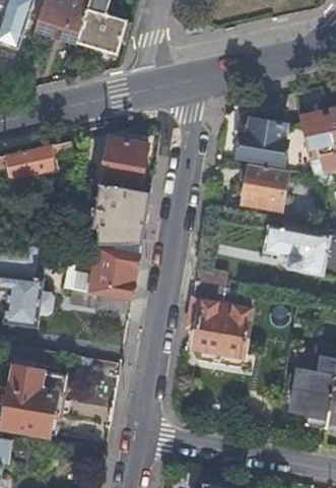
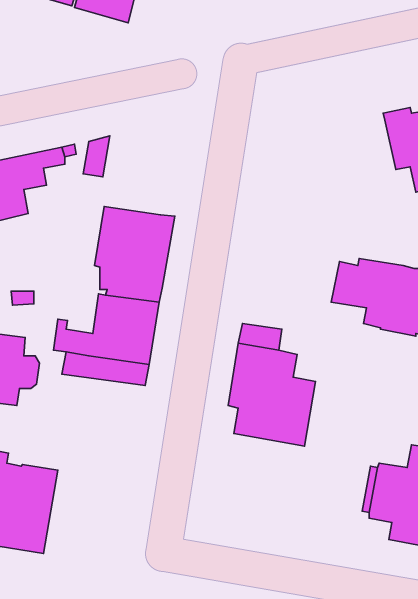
building: [238,120,287,165] -> none
building: [99,138,147,190] -> none
building: [244,165,288,209] -> none

